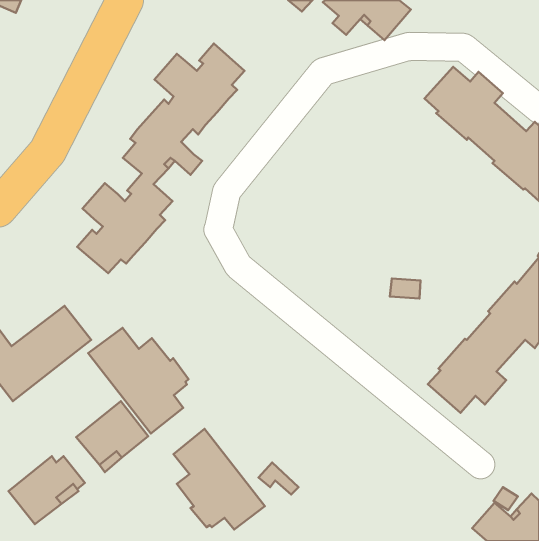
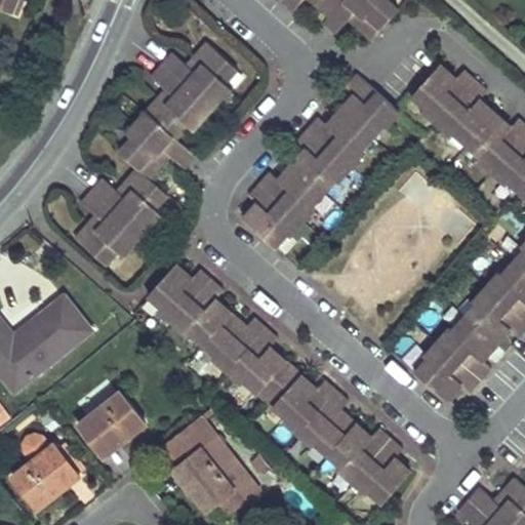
building: none -> [243,74,398,248]
building: none -> [147,264,410,503]
building: [88,328,188,434] -> none

